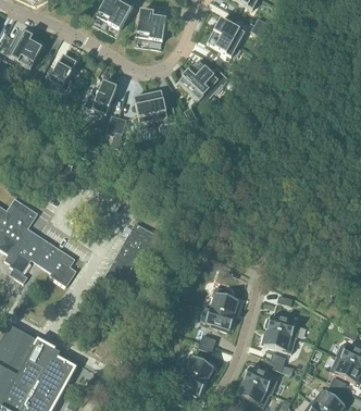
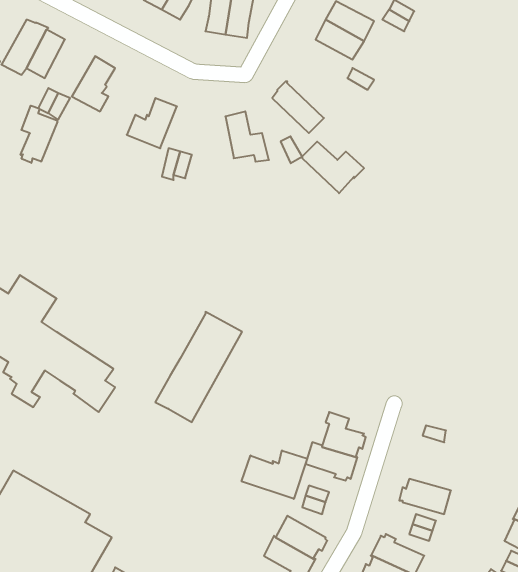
building: [188,60,228,94] -> [302,142,364,193]
building: none -> [21,106,57,163]
building: [133,92,154,128] -> none
building: none -> [242,450,307,499]
building: [265,313,300,337] -> none

